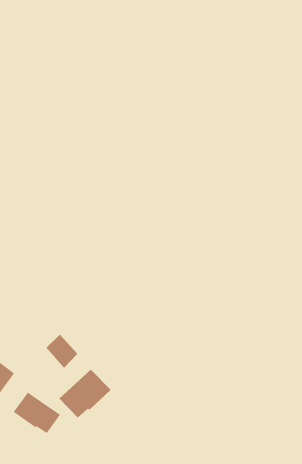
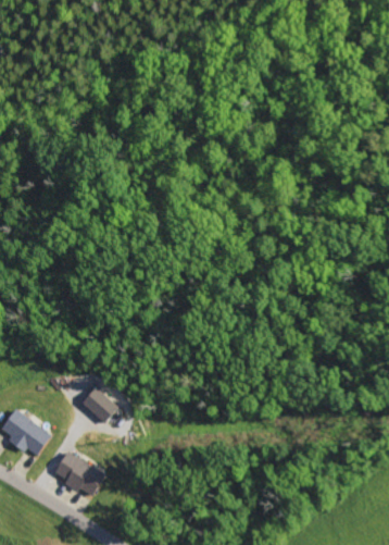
building: [59,369,112,419] -> none

